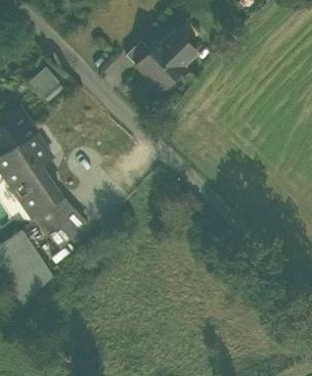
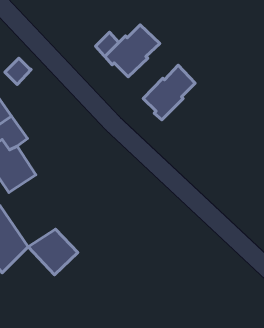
building: none -> [143,65,195,120]
building: [32,196,86,246] -> [28,229,78,275]

